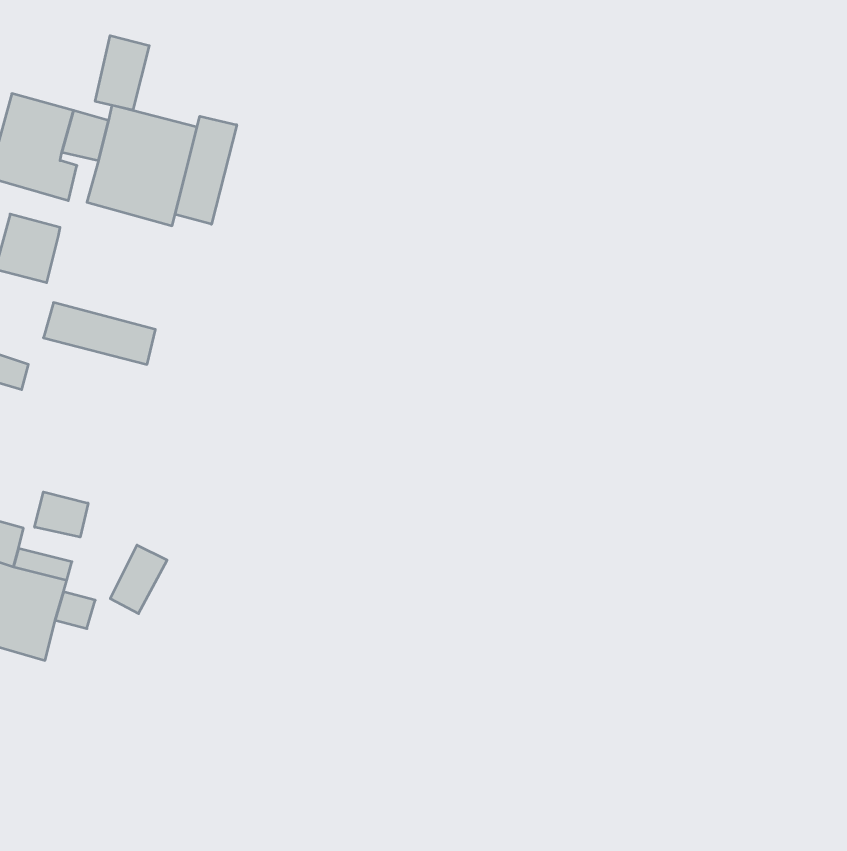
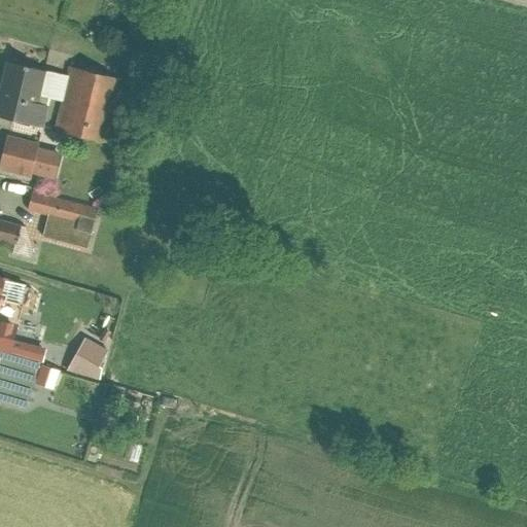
building: [95,36,149,110] -> none
building: [175,116,237,224] -> none
building: none -> [30,147,59,178]
building: [35,492,88,537] -> none

